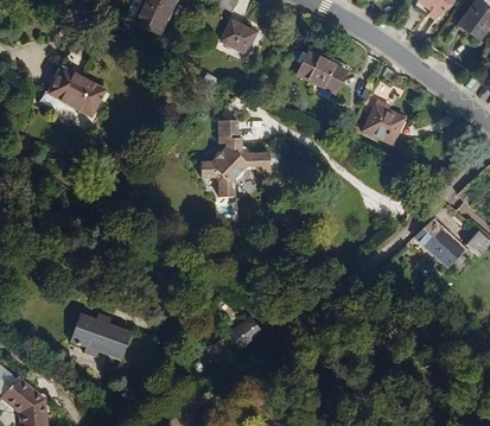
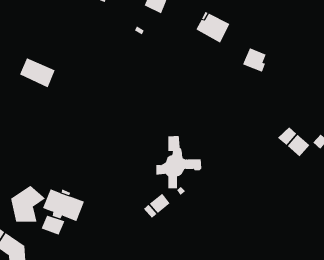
building: [46,71,100,116] -> [19,57,55,88]
building: [198,125,267,203] -> [155,135,202,189]
building: none -> [11,185,46,222]
building: none -> [41,215,65,235]

